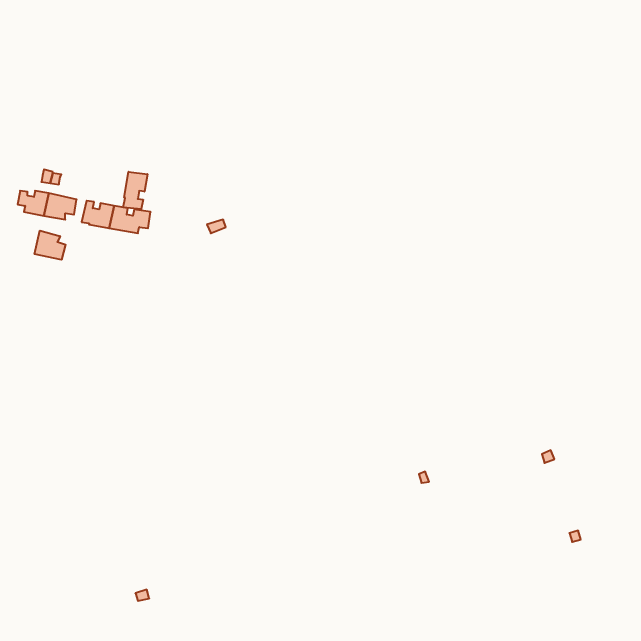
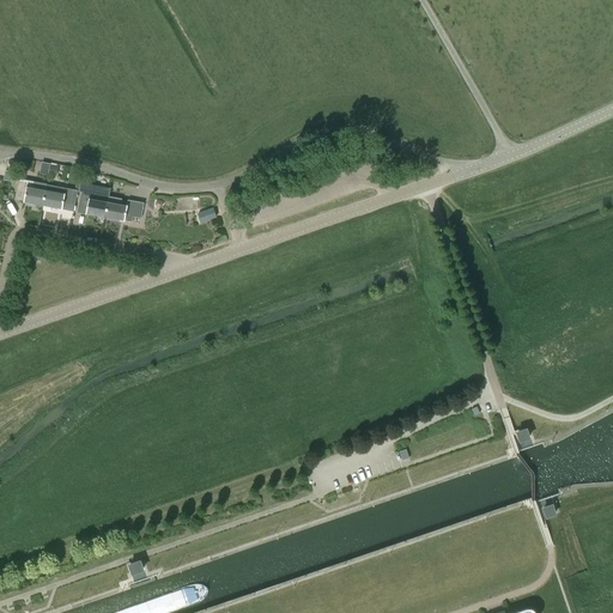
building: [123,172,147,209] -> none
building: [35,231,66,260] -> none

